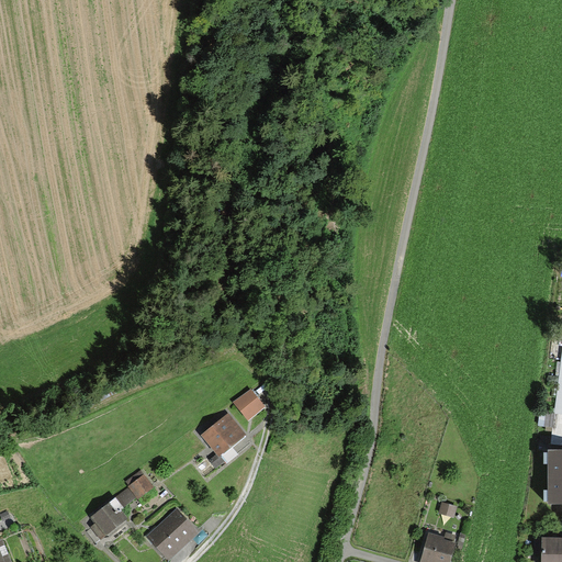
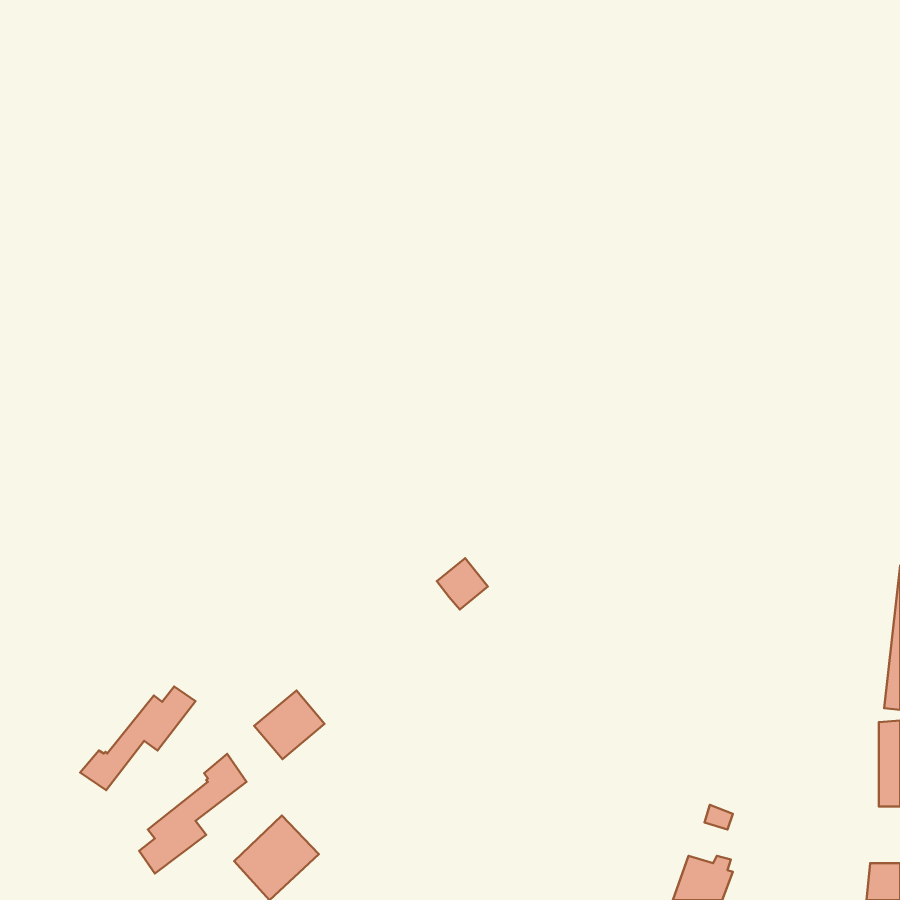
building: [234,389,266,420] -> [437,558,488,609]
building: [202,414,246,457] -> [254,691,325,759]
building: none -> [80,687,195,790]

